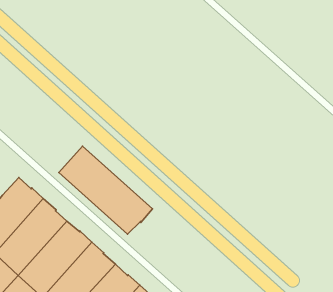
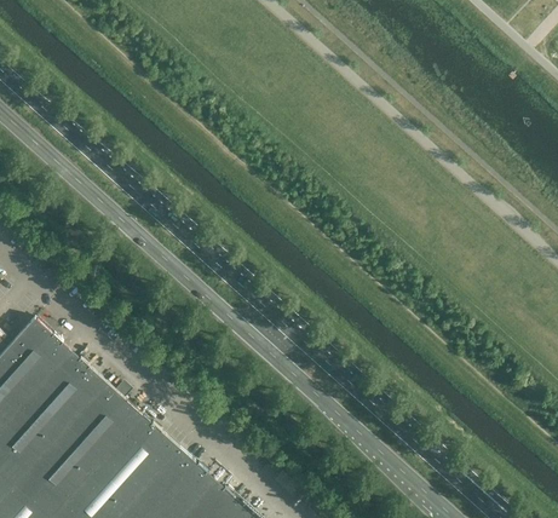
building: [59,146,152,234] -> none

